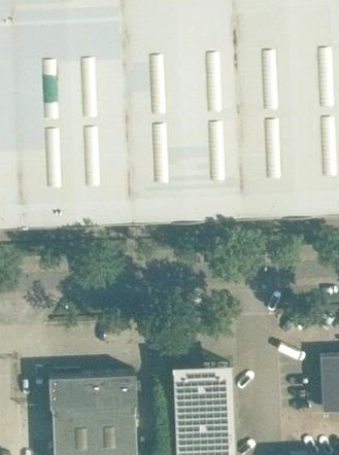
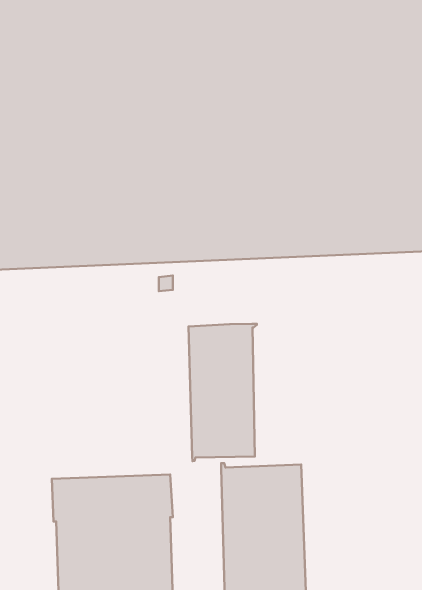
building: none -> [189,324,257,461]

